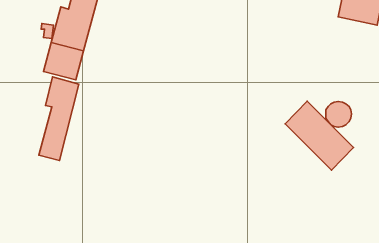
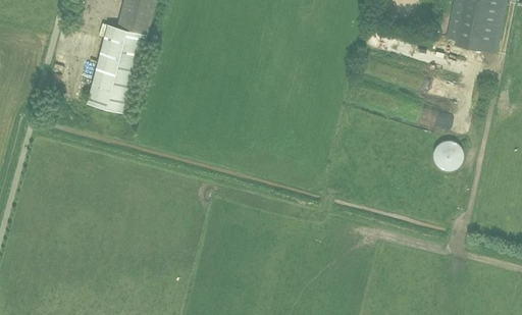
building: [39,77,79,160] -> none
building: [285,101,354,170] -> none

